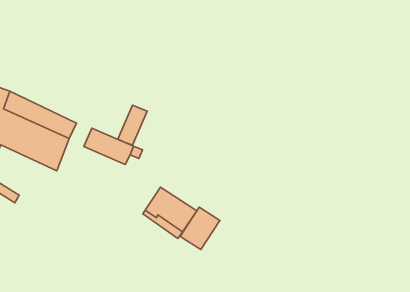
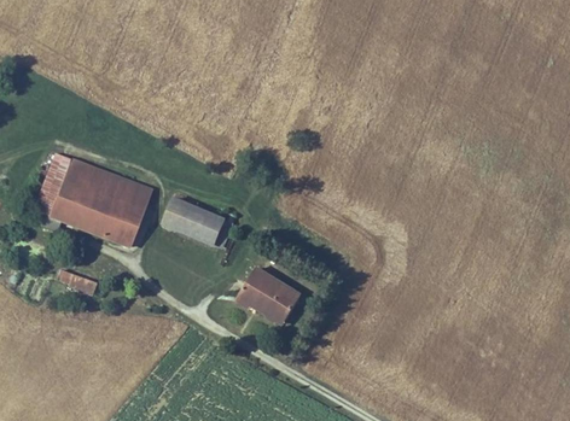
building: [118,105,147,145] -> none
building: [180,207,220,249] -> none

